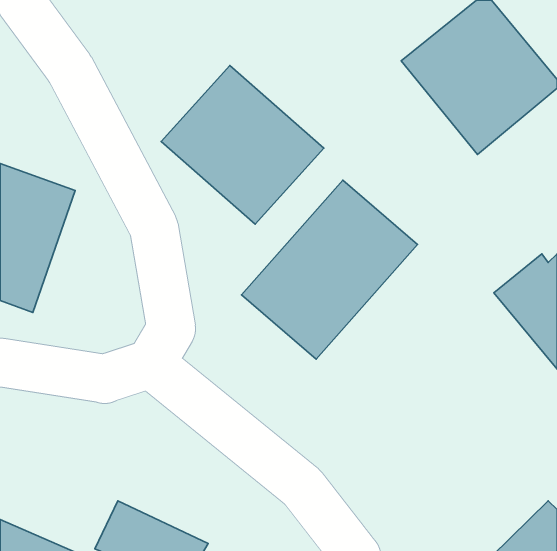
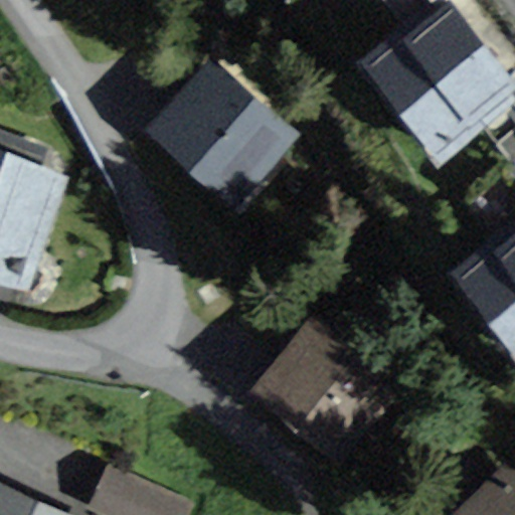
building: [241,180,417,359] -> none
building: none -> [254,320,400,463]

